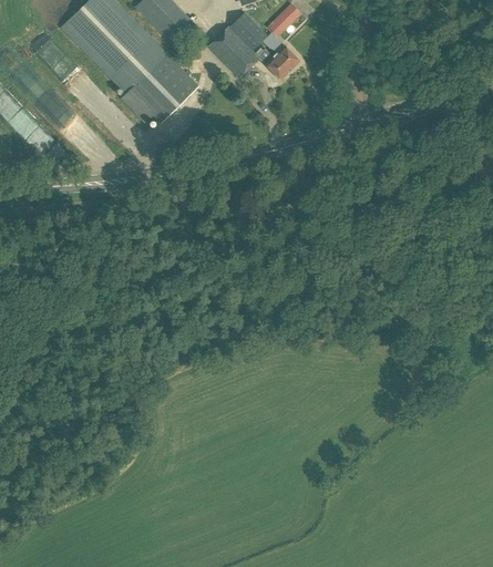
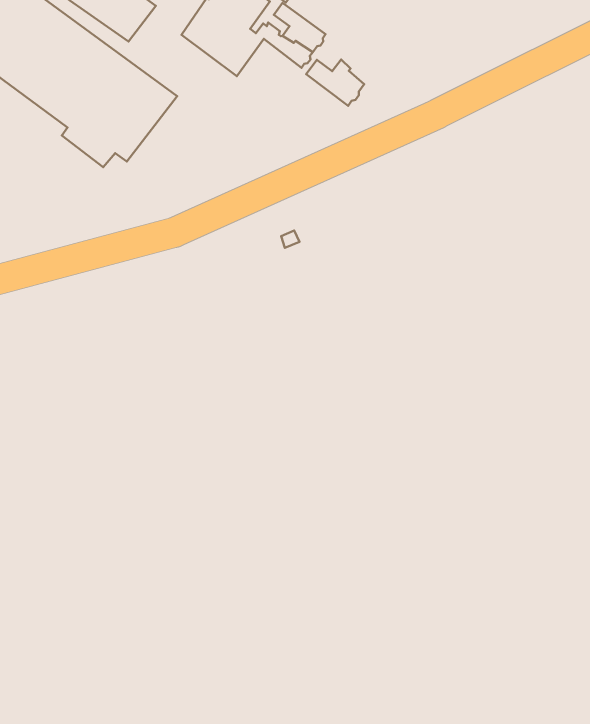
building: none -> [306,59,364,106]

